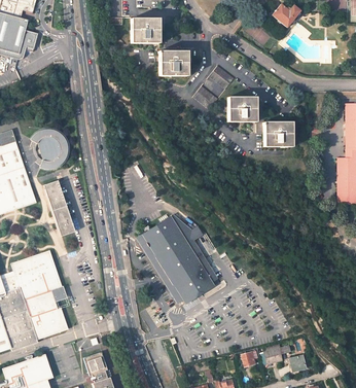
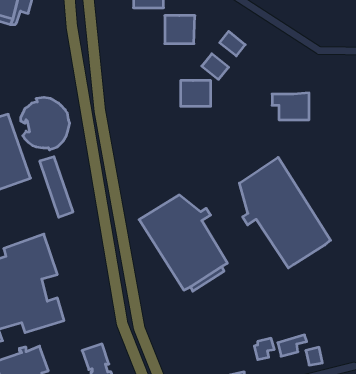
building: [229,98,257,121] -> [181,81,211,106]
building: none -> [239,157,331,268]

